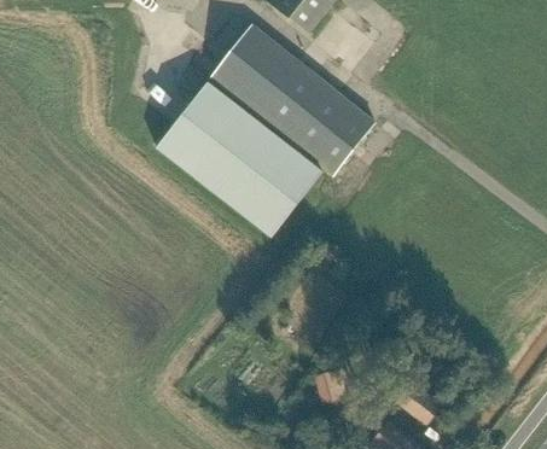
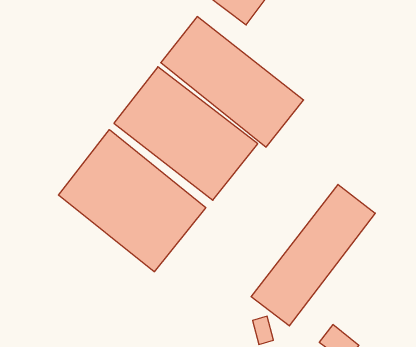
building: none -> [58,130,206,272]
building: none -> [251,184,375,326]

